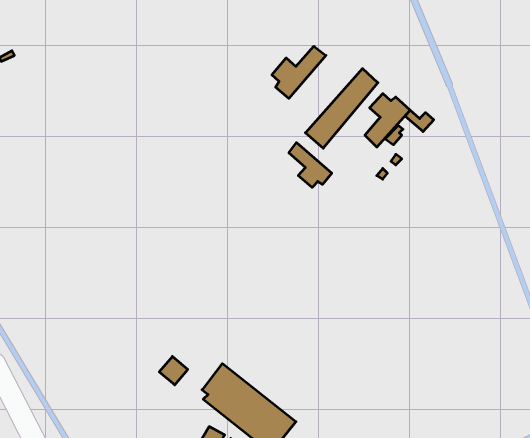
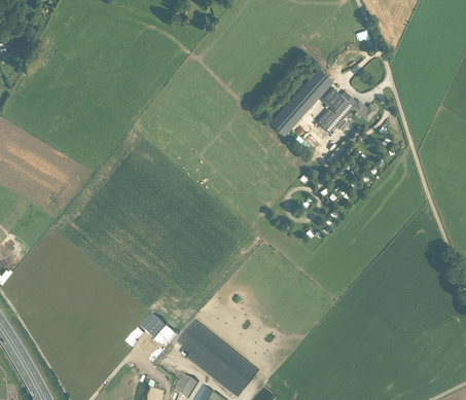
building: [272,46,326,98] -> none
building: [289,143,332,187] -> none

